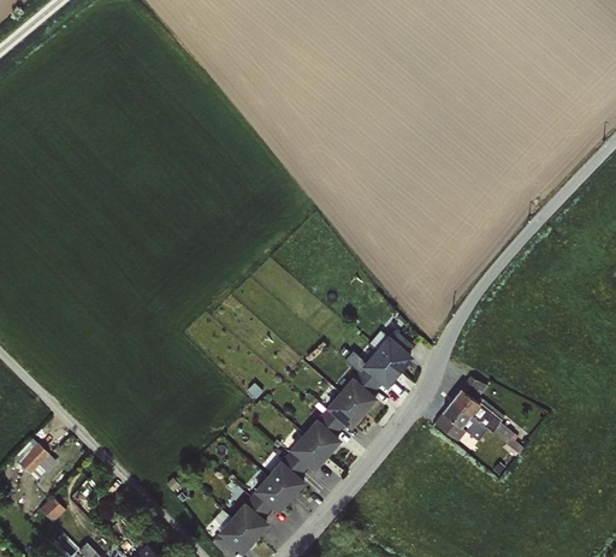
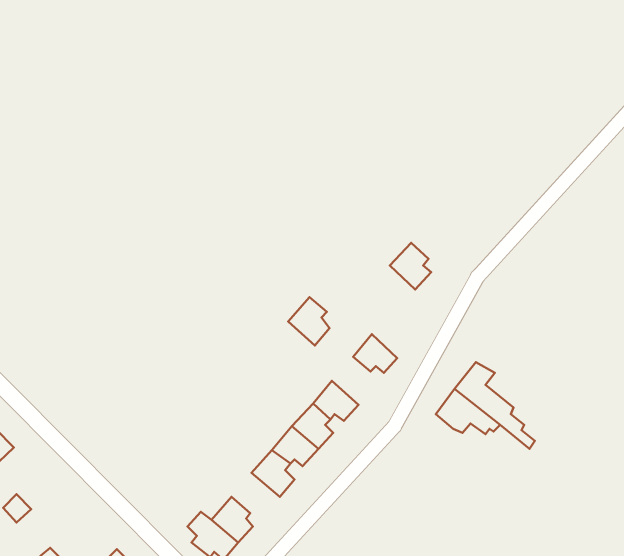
building: [374,331,411,373] -> [390,243,431,290]
building: [338,372,375,415] -> [288,297,329,345]
building: [248,476,291,514] -> none

